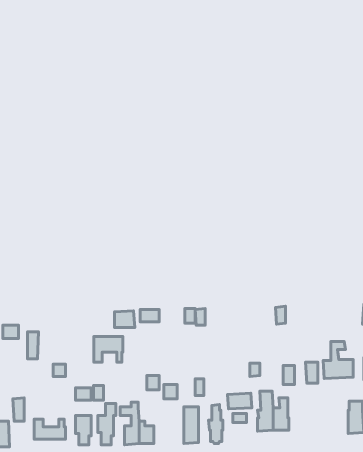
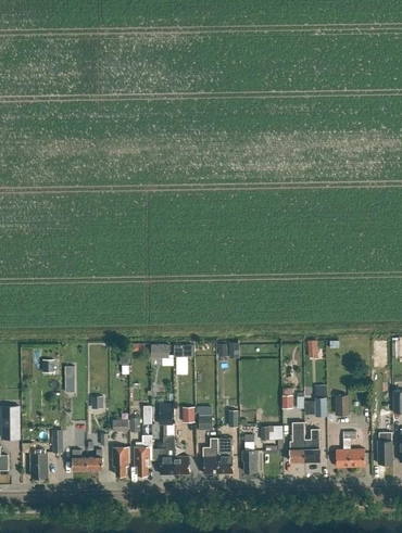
building: [94,337,123,362] -> none
building: [323,342,353,378] -> [336,432,365,468]
building: none -> [203,440,218,474]

